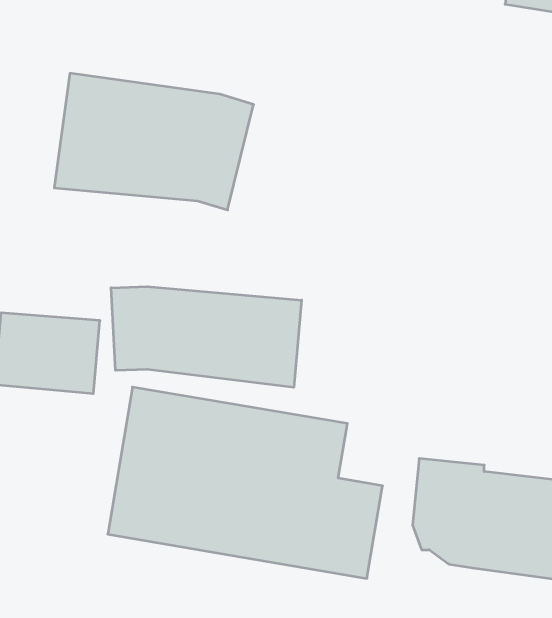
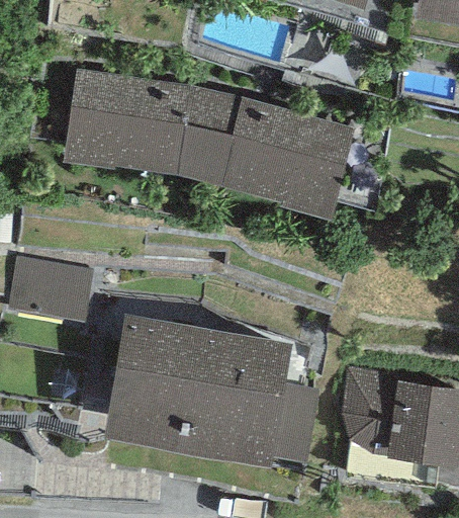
building: none -> [198,96,353,214]
building: [111,287,302,387] -> none

